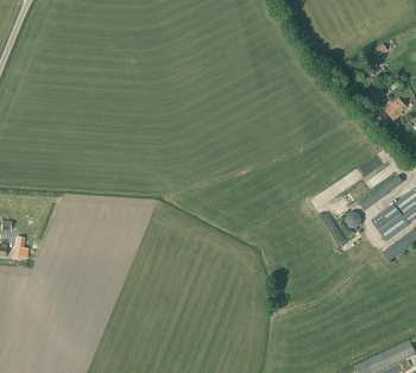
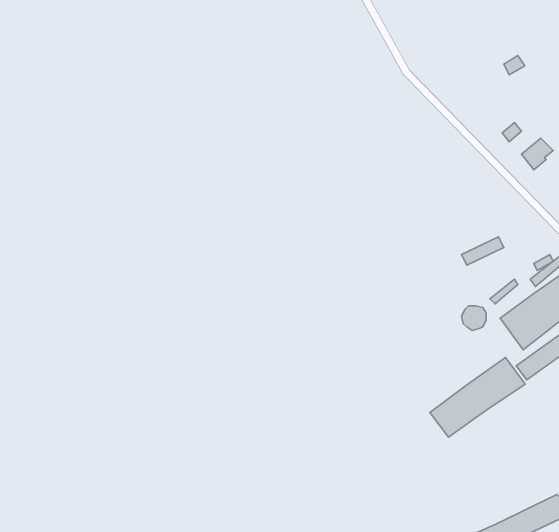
building: none -> [430,357,525,437]

